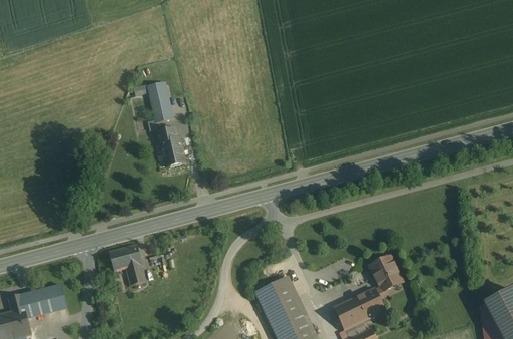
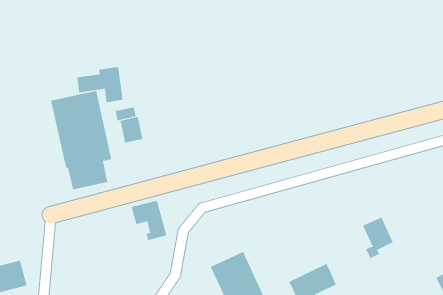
building: none -> [51,90,112,190]
building: [111,244,148,285] -> [131,200,167,240]
building: [372,254,404,297] -> [362,217,394,259]

